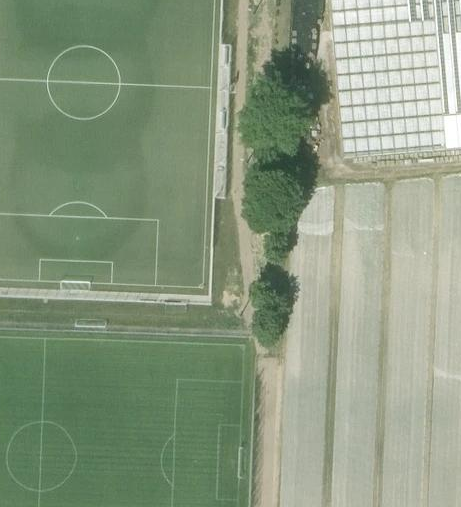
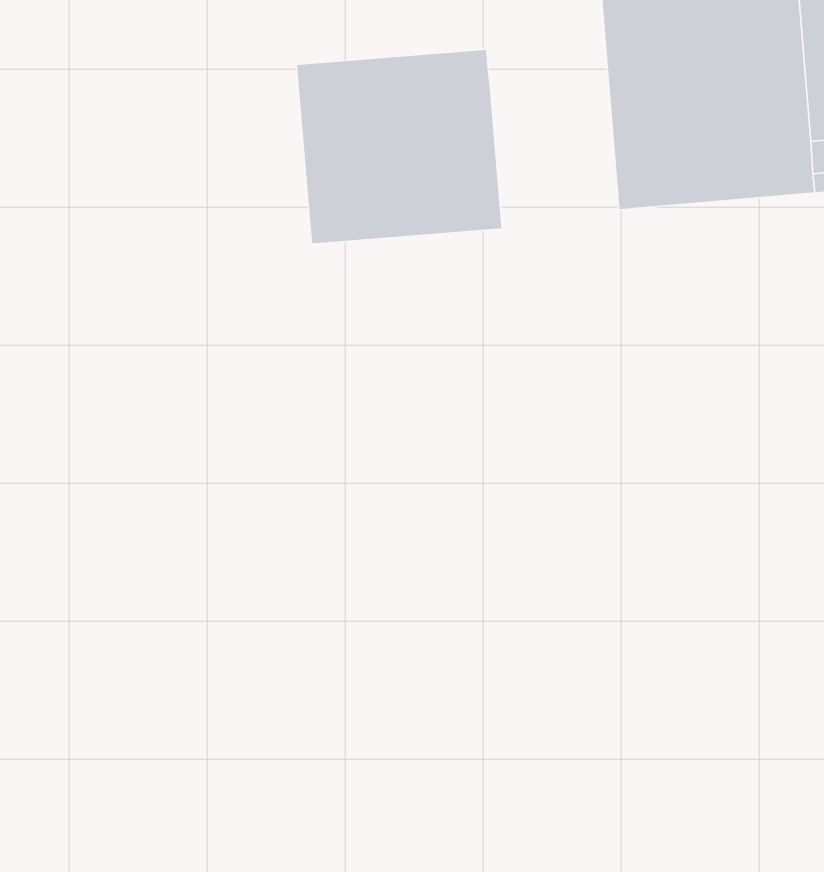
building: none -> [296,49,502,244]

